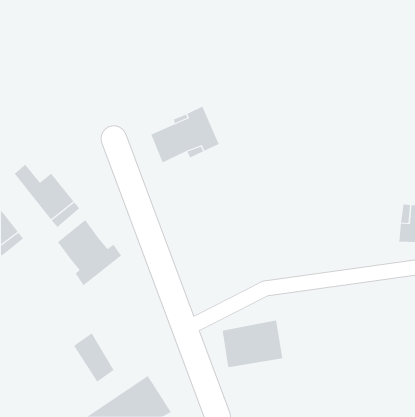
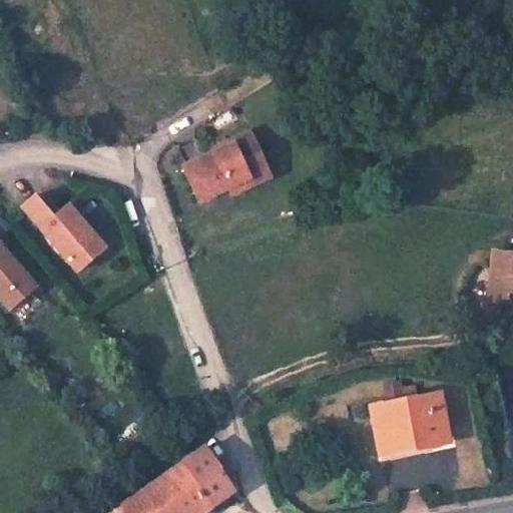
building: [57,219,122,286] -> none
building: [222,320,283,367] -> [376,391,451,449]
building: [73,333,114,383] -> [185,443,235,504]

